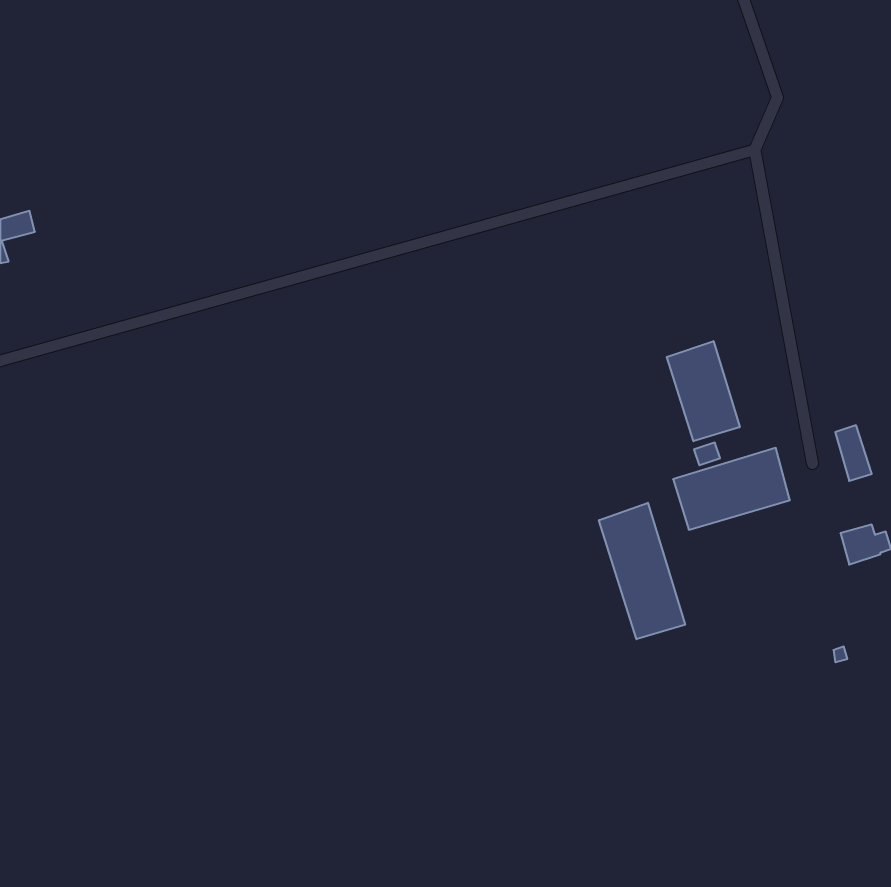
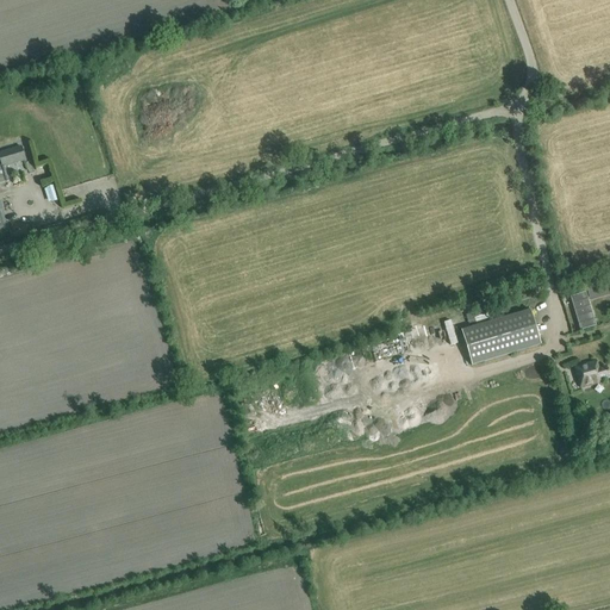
building: [667,341,740,441] -> none
building: [599,503,685,639] -> none

